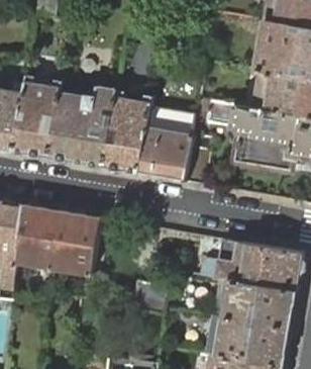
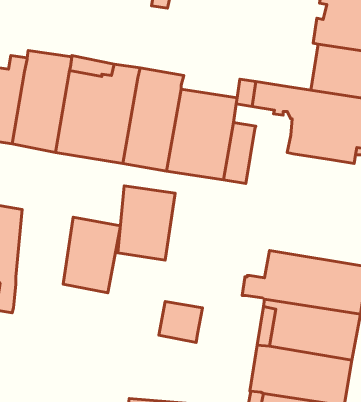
building: [17,207,64,268] -> [118,186,175,260]

